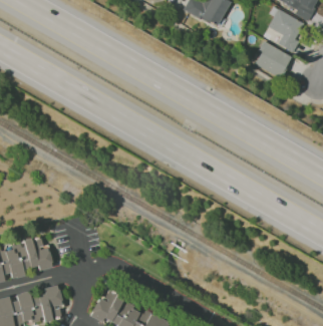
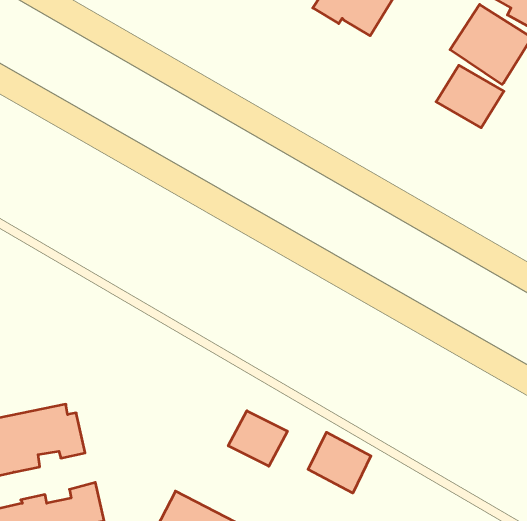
building: none -> [228,411,287,466]
building: none -> [308,432,371,493]

